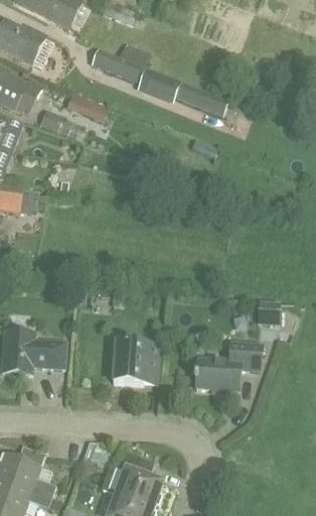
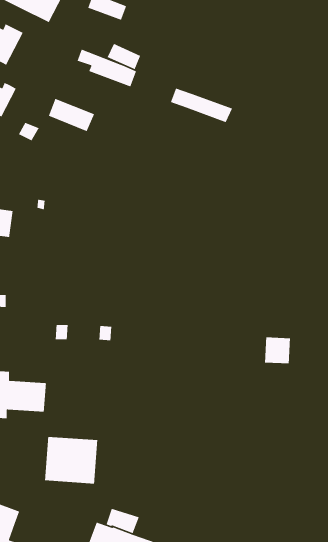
building: [138,69,180,102] -> none
building: [112,343,159,385] -> [44,436,98,484]
building: [195,343,262,391] -> none

